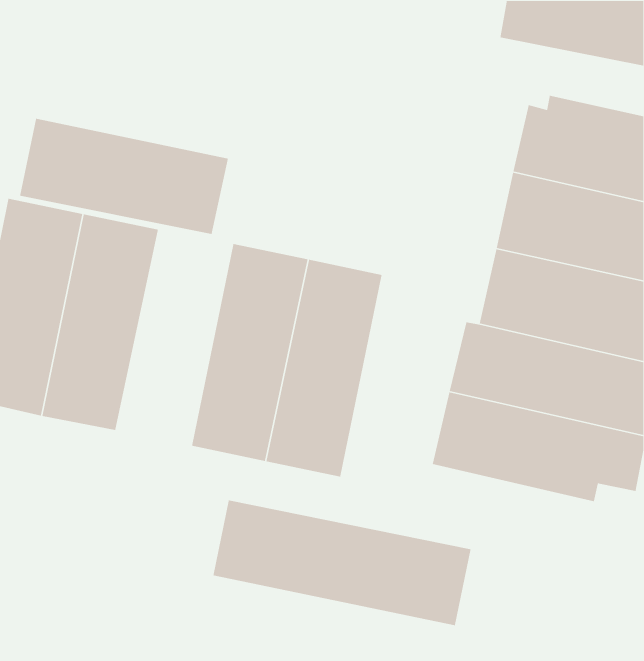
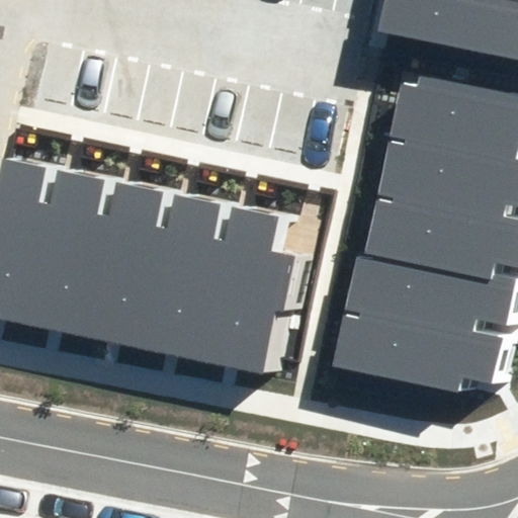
building: [19,118,229,235] -> none
building: none -> [90,181,181,350]
building: [213,499,472,626] -> none

